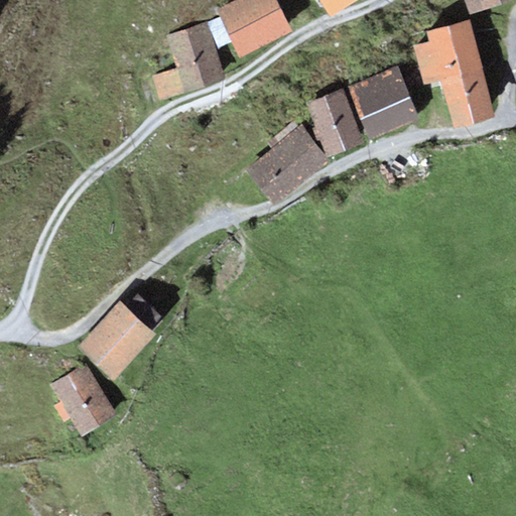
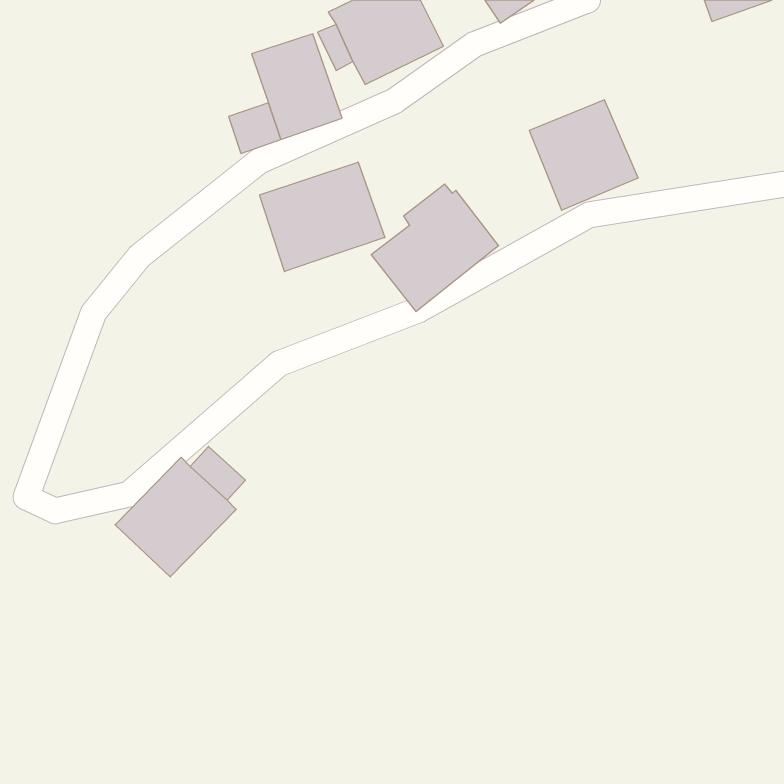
building: [414,19,496,128] -> none
building: [306,89,362,155] -> none
building: none -> [259,162,385,272]
building: [51,363,117,436] -> none

